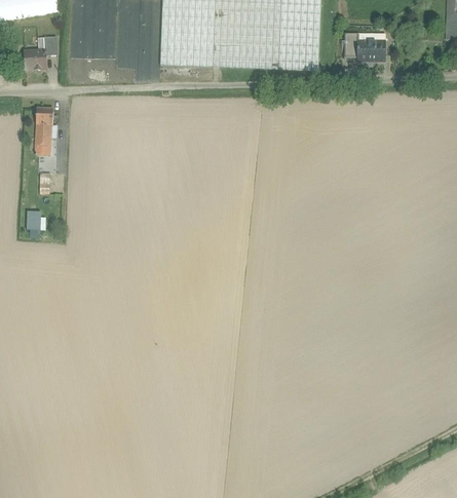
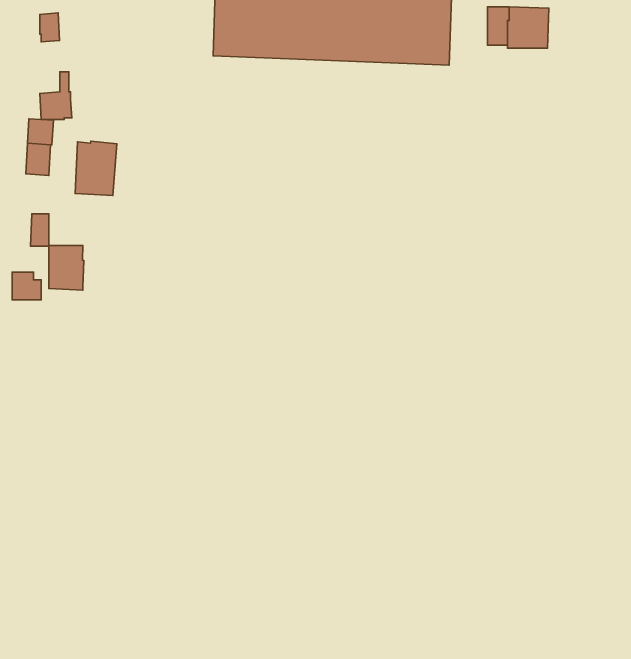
building: [24,37,45,69] -> [40,72,72,119]
building: none -> [75,141,117,195]
building: none -> [49,245,84,290]

